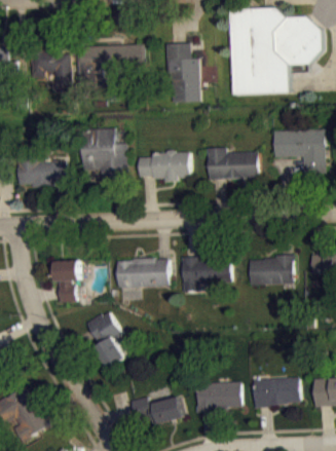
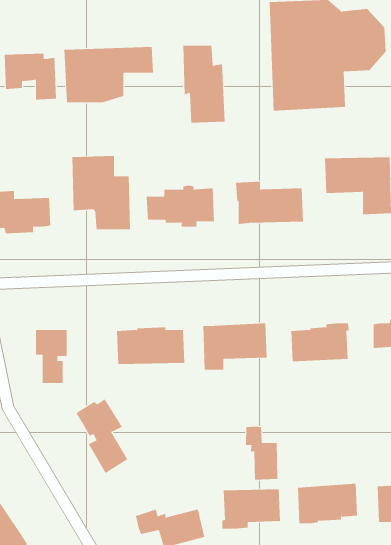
building: none -> [245,426,278,481]

